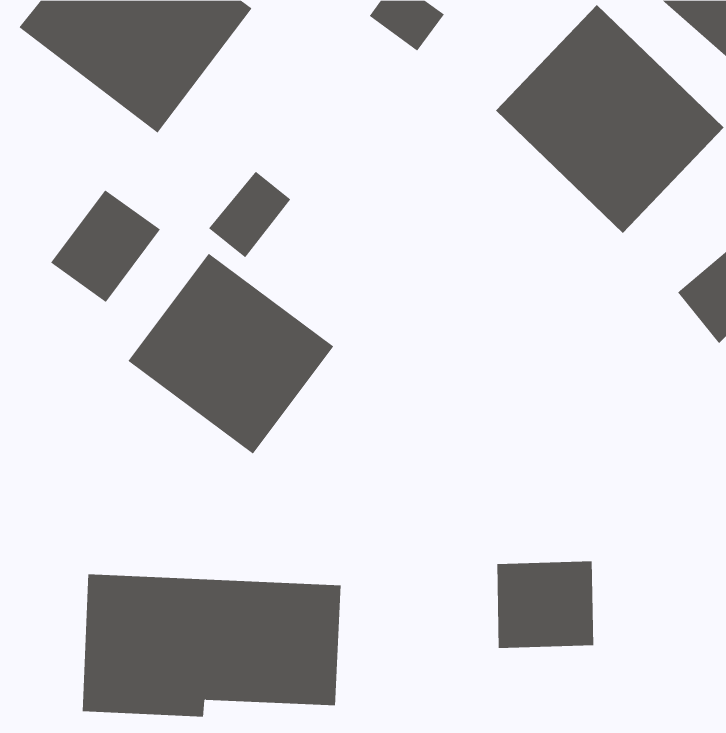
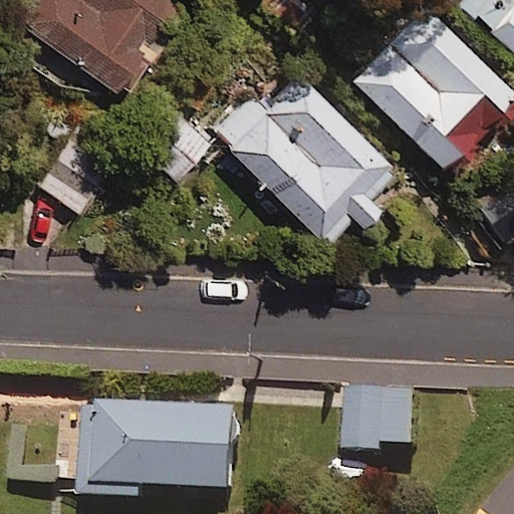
building: none -> [212,68,394,241]
building: [127,253,334,454] -> none

